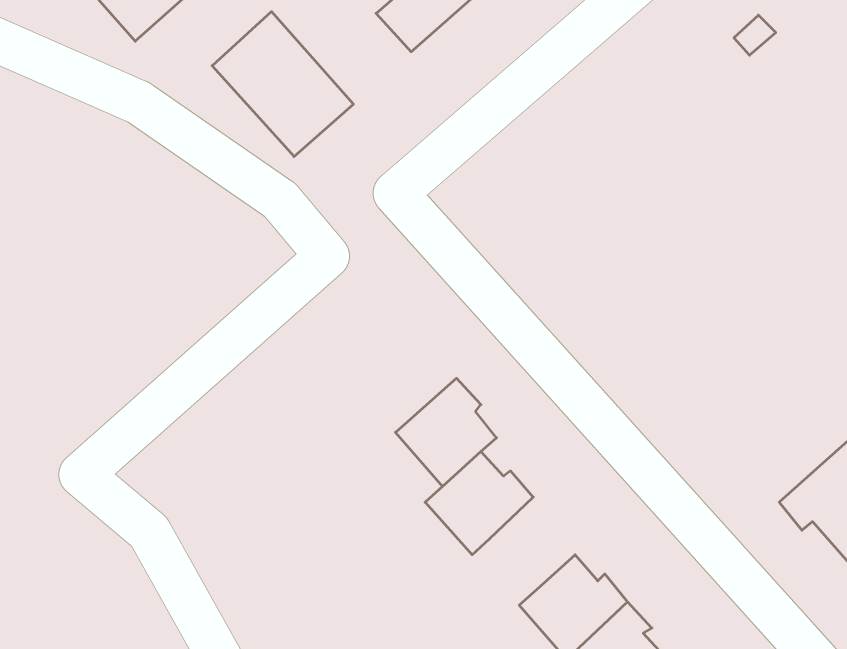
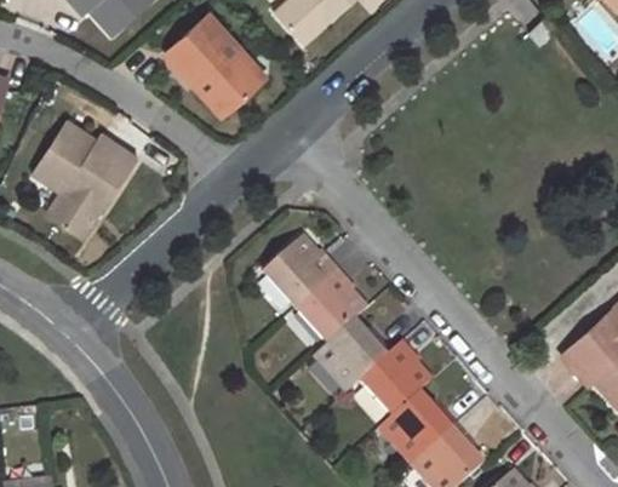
building: none -> [33,121,136,239]
building: none -> [262,237,336,306]
building: none -> [359,342,430,416]

